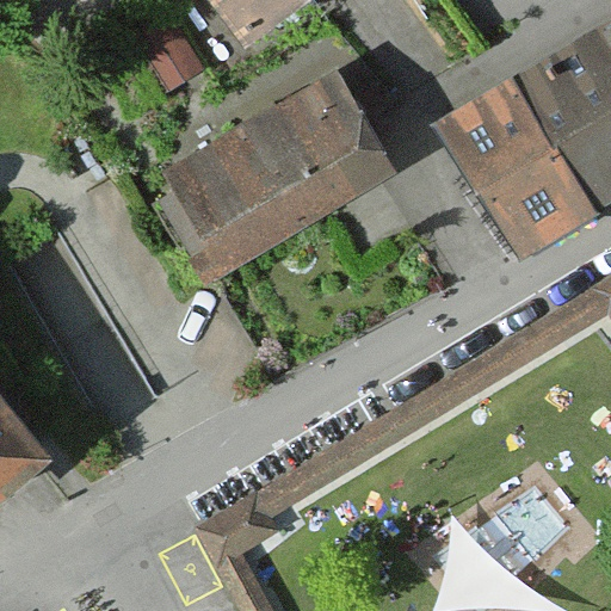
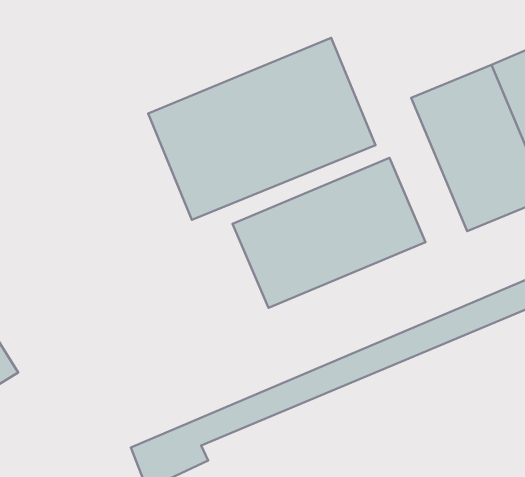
building: none -> [232,158,426,308]

